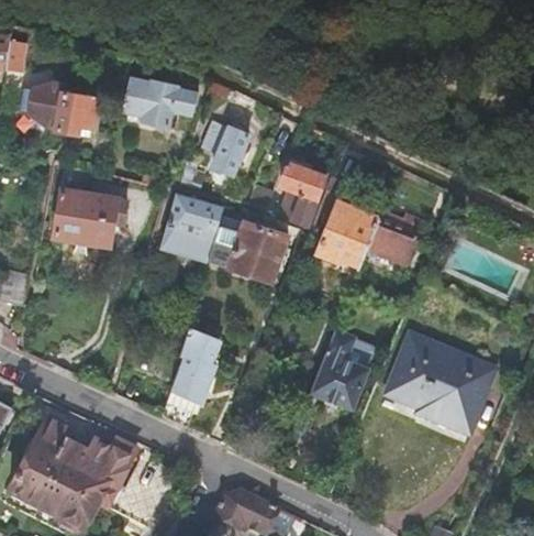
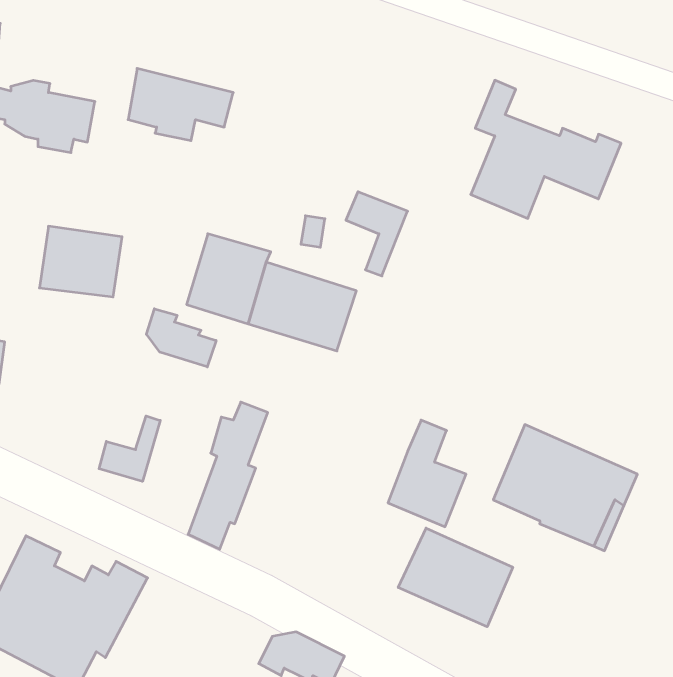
building: [201,119,248,174] -> none
building: [316,174,426,275] -> [471,80,621,218]
building: none -> [146,309,216,367]
building: none -> [99,416,160,481]
building: none -> [398,528,513,627]

